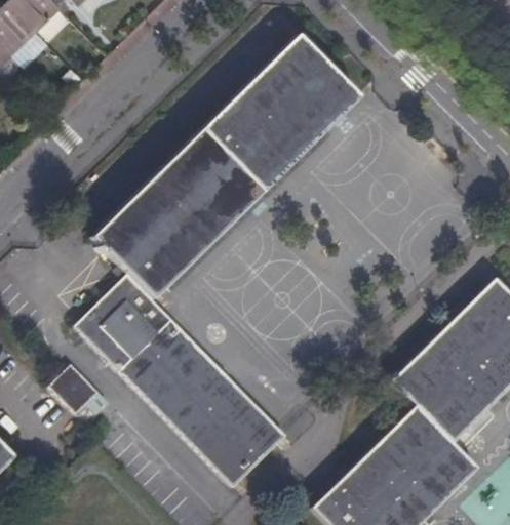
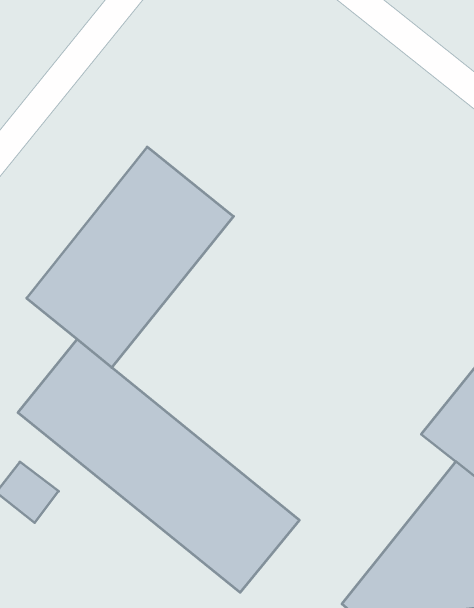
building: [201,34,359,192] -> none

